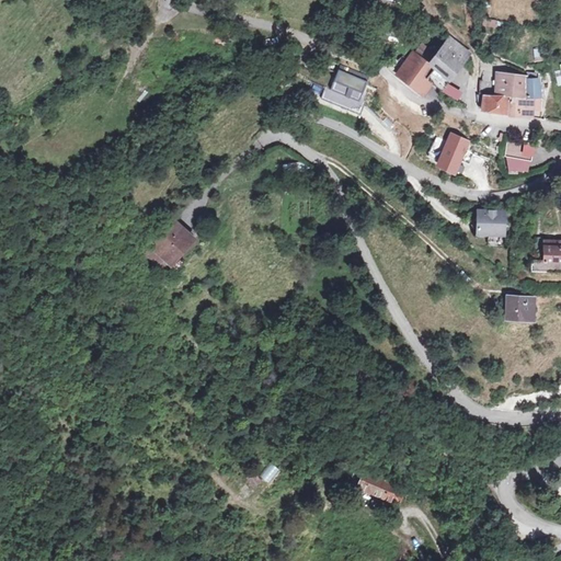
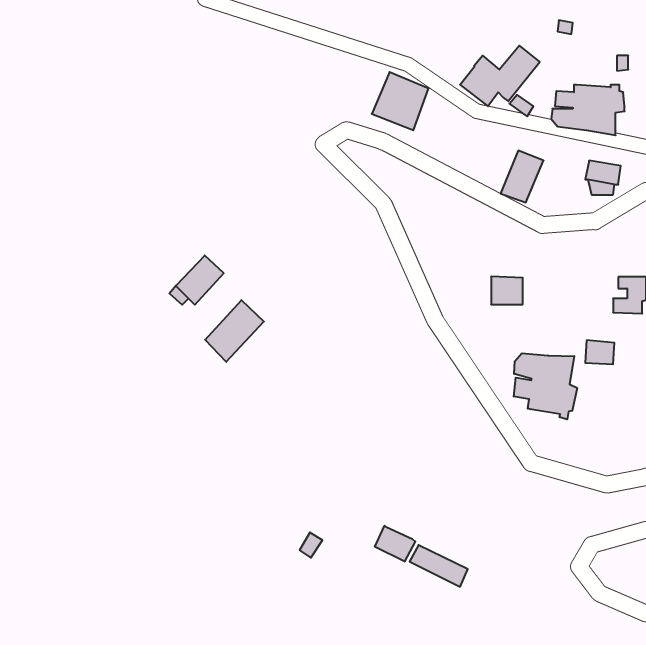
building: [478,209,505,233] -> [491,277,523,304]
building: none -> [205,300,264,362]
building: none -> [514,353,577,419]
building: none -> [375,526,415,562]

